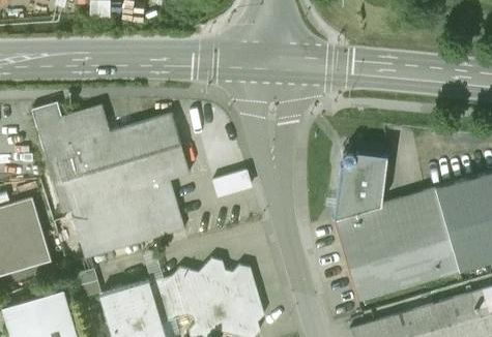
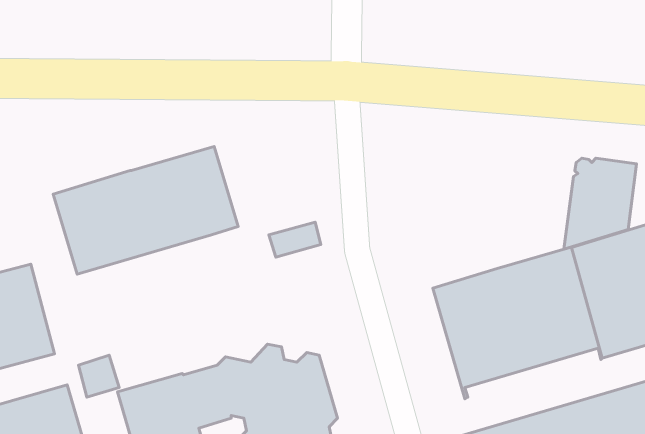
building: [32,103,109,152] -> none
building: [332,151,386,218] -> [564,158,637,249]
building: [69,179,183,257] -> none

